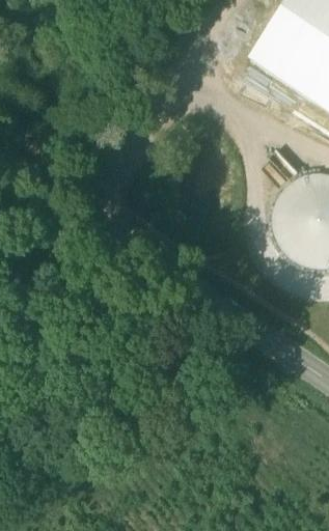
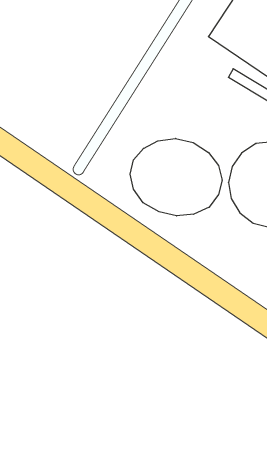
building: none -> [130,138,222,216]

